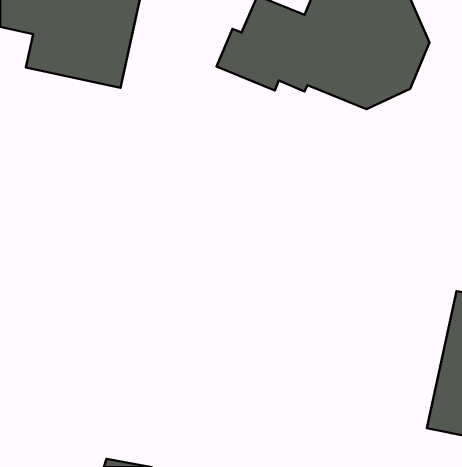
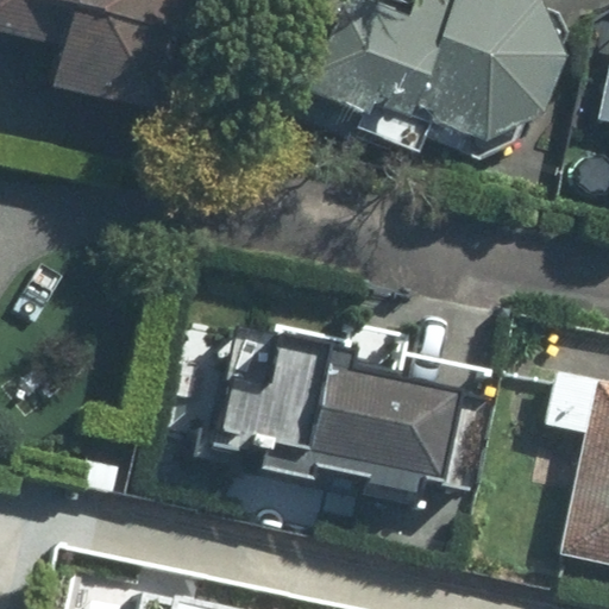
building: none -> [215,347,453,479]

